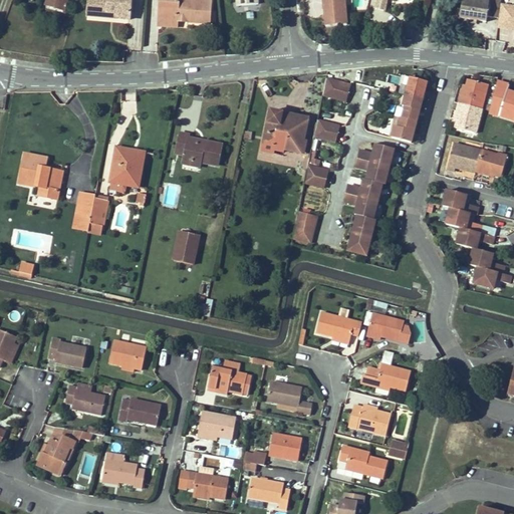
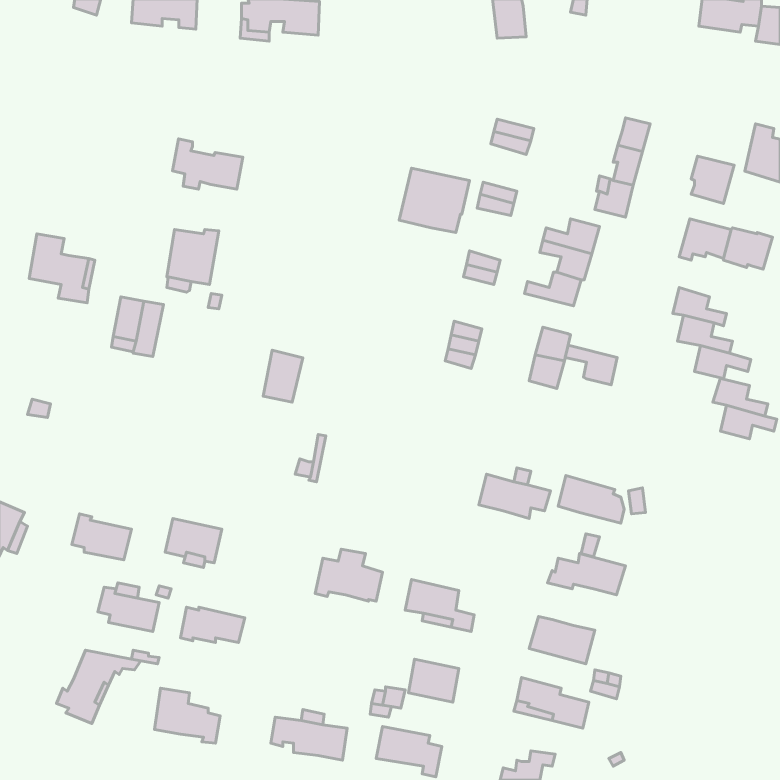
building: [458,78,488,108] -> none
building: [175,132,221,165] -> [172,139,243,189]
building: [342,193,376,219] -> [565,345,617,385]
building: [197,411,235,440] -> none

